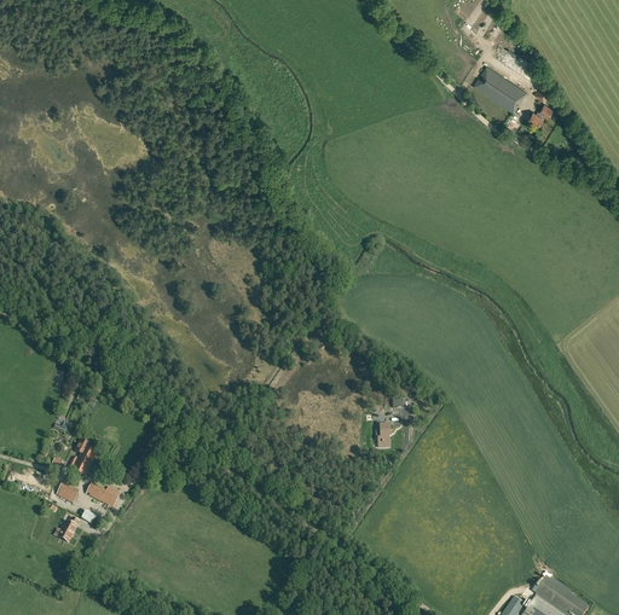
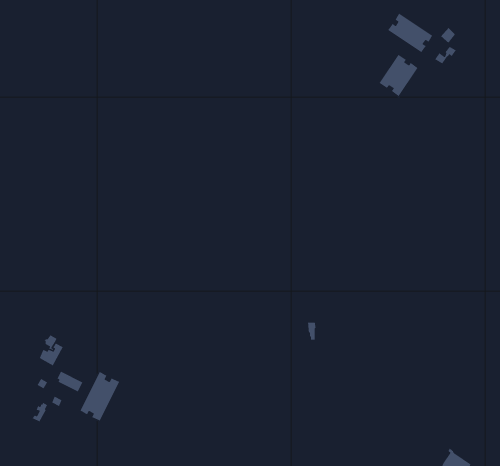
building: none -> [378,54,418,97]
building: none -> [80,371,120,422]

